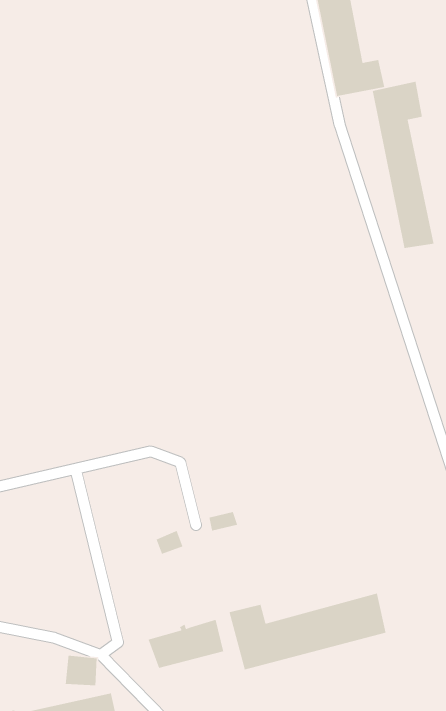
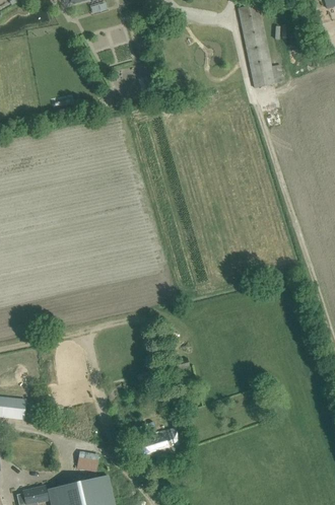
building: [372,81,434,249] -> none
building: [228,593,387,670] -> none

